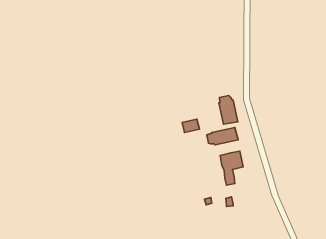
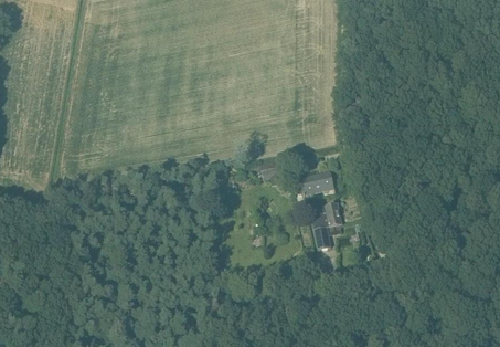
building: [219,96,238,124] -> none

